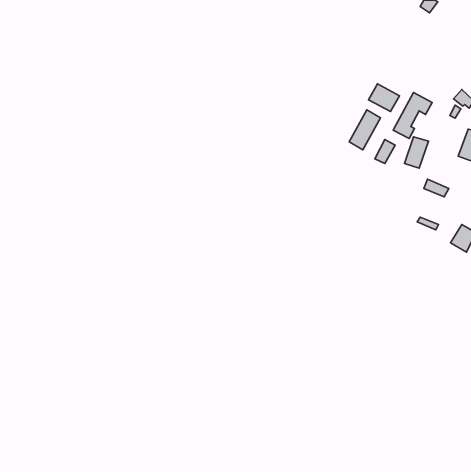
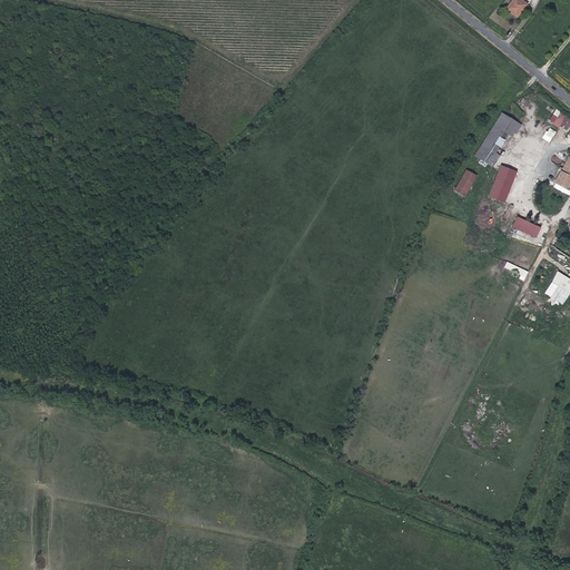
building: [369,84,400,112] -> none
building: [349,110,380,150] -> none

